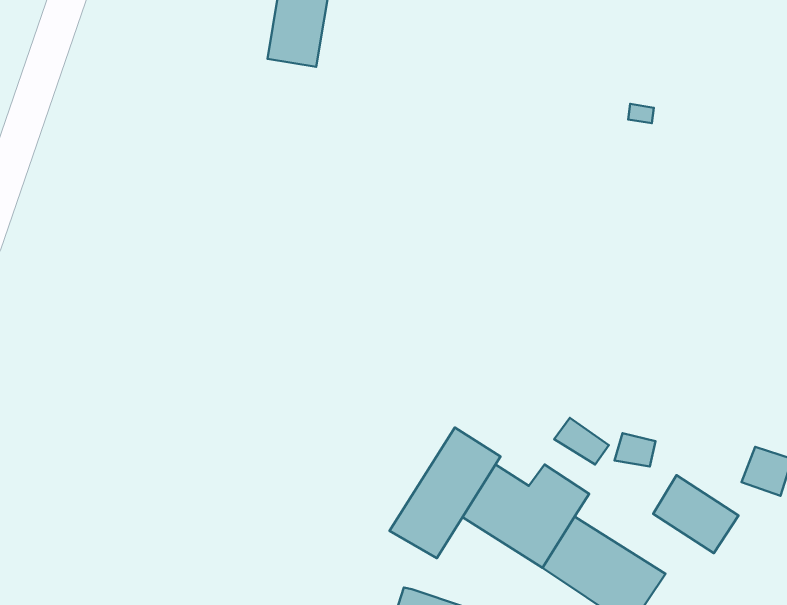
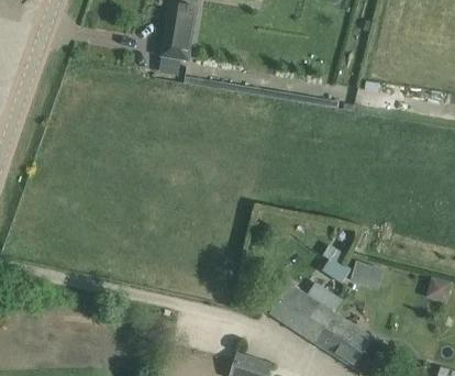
building: [390,427,501,558] -> none
building: [653,475,739,553] -> none

